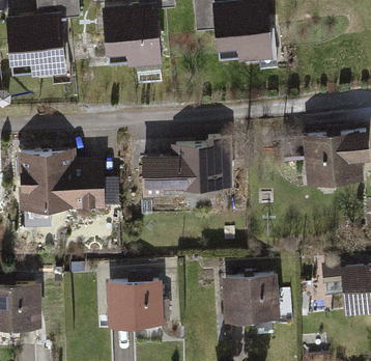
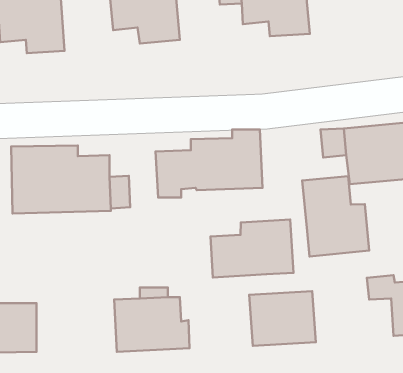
building: none -> [302,176,369,257]
building: none -> [211,219,293,278]

